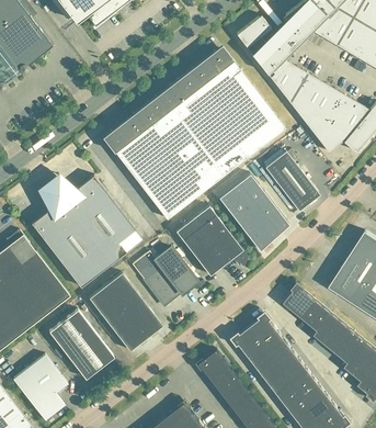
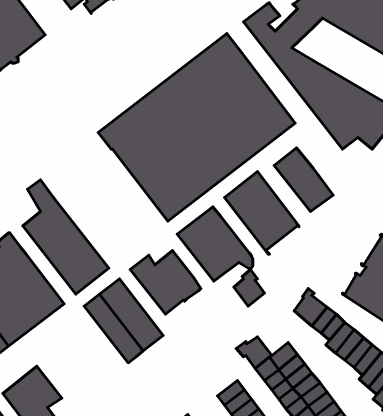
building: [47,172,143,263] -> none
building: [48,309,112,378] -> none
building: [249,311,277,345] -> [234,269,265,306]
building: [195,350,230,382] -> none

